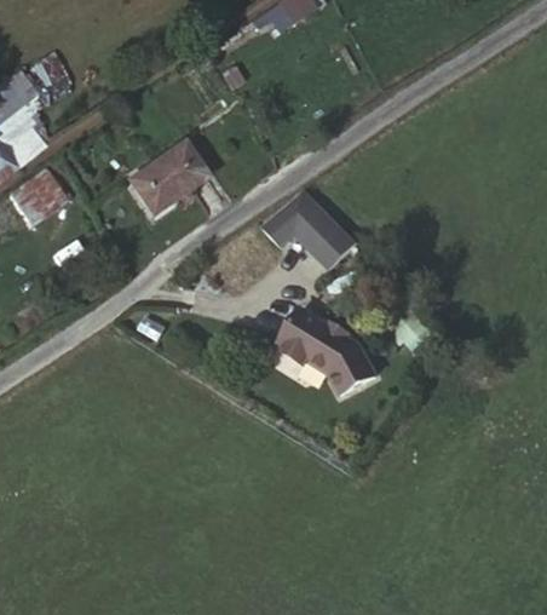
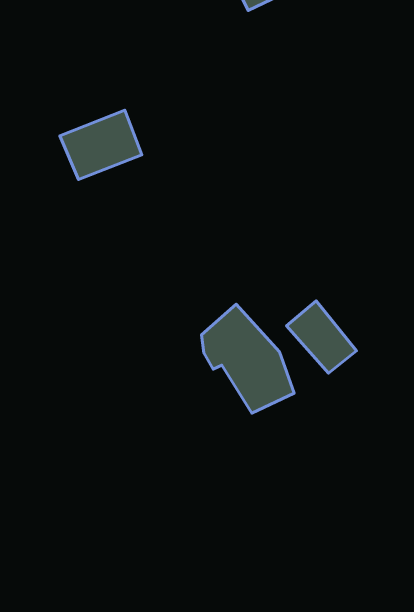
building: [276,203,342,266] -> [286,301,357,373]

